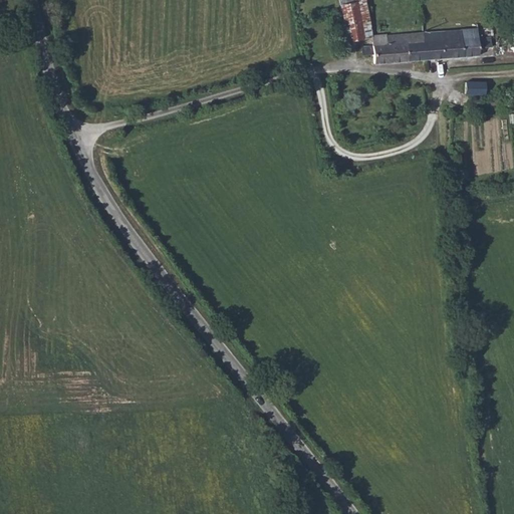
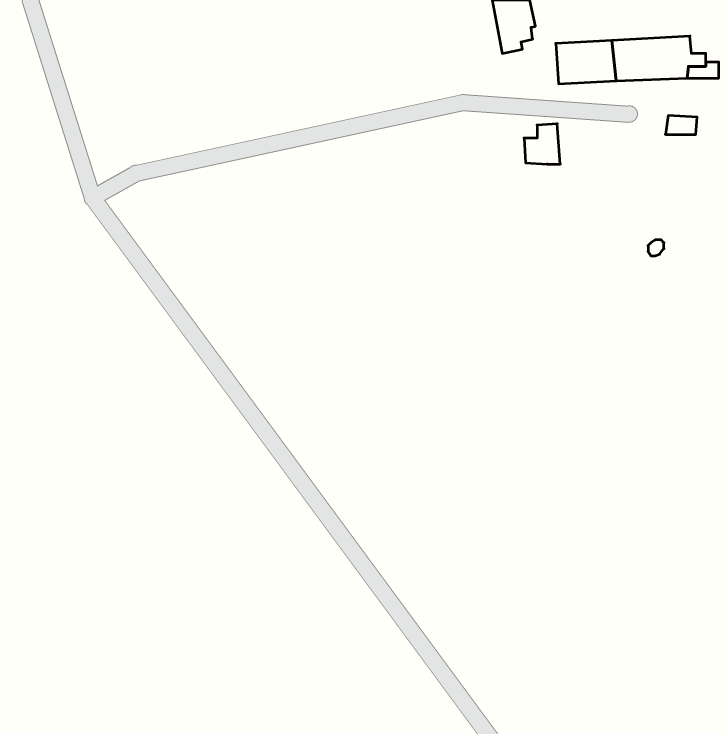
building: [363,33,389,61] -> [524,124,560,164]

